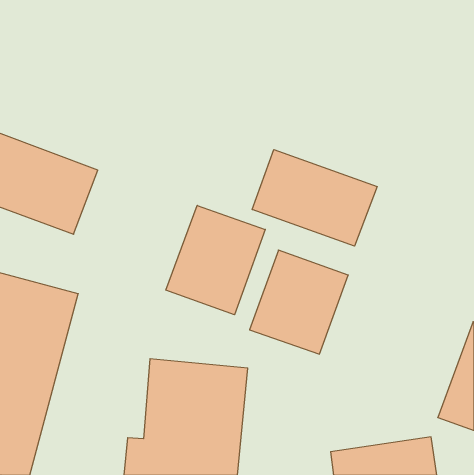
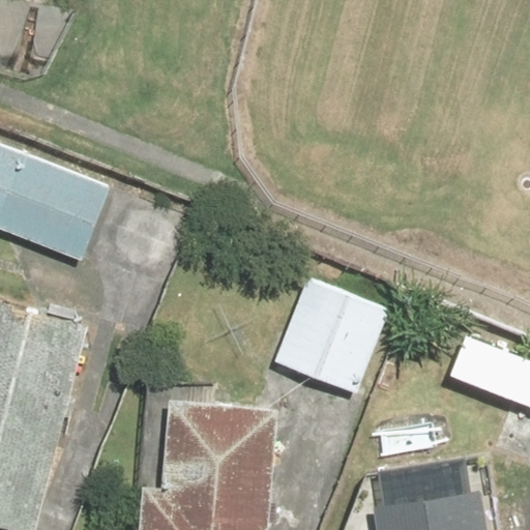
building: [252,150,377,246] -> none
building: [166,205,265,315] -> none

